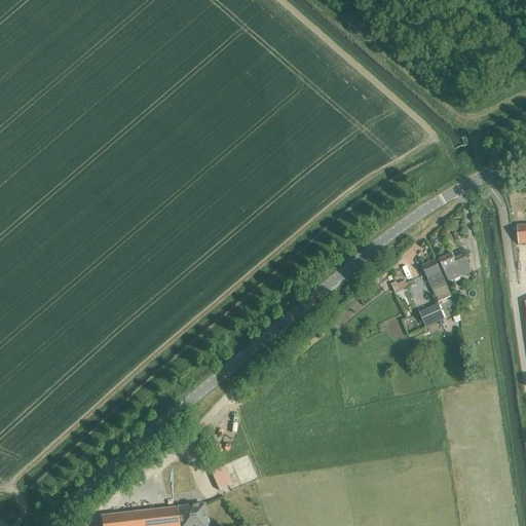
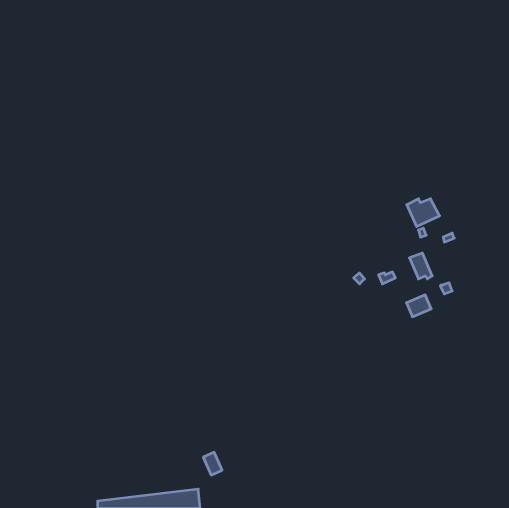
building: [439,254,473,283] -> [407,199,440,227]

